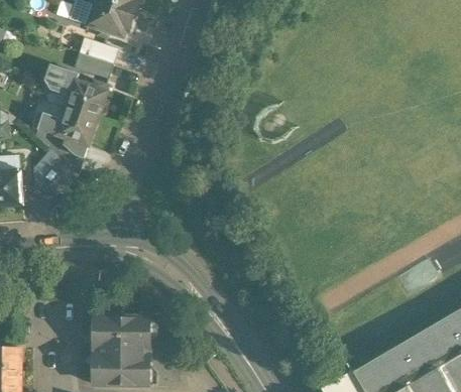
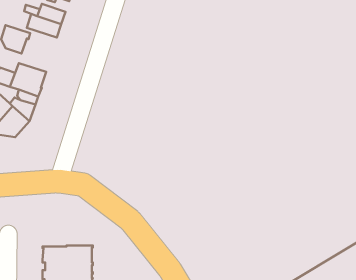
building: [66,79,107,117] -> none

